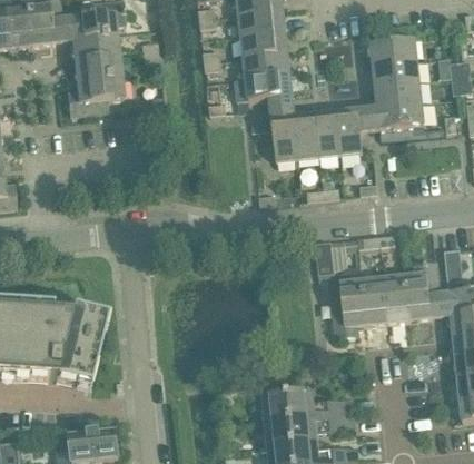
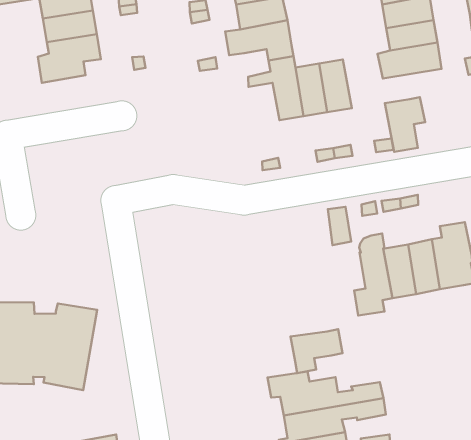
building: [336,108,371,155] -> [385,97,425,152]
building: none -> [291,329,343,373]

